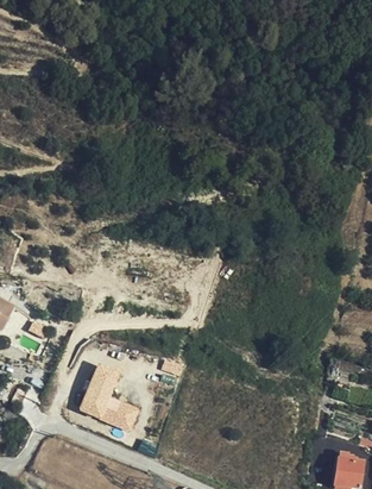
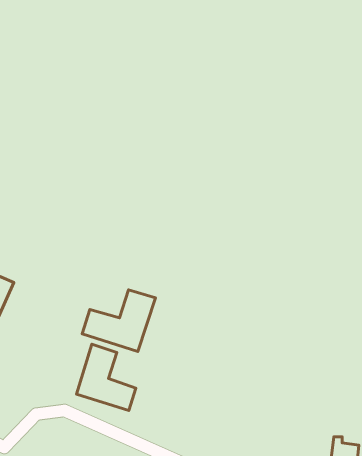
building: none -> [82,290,155,352]

